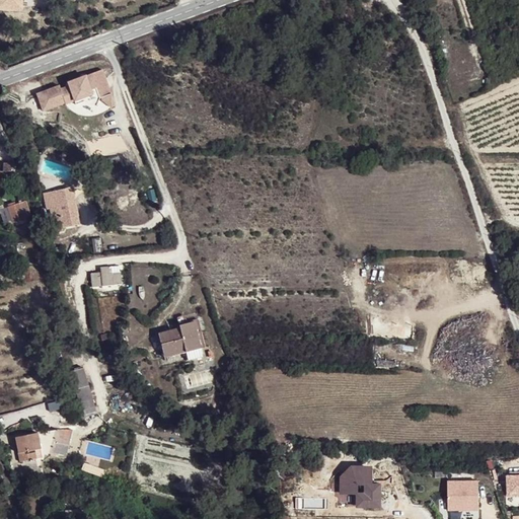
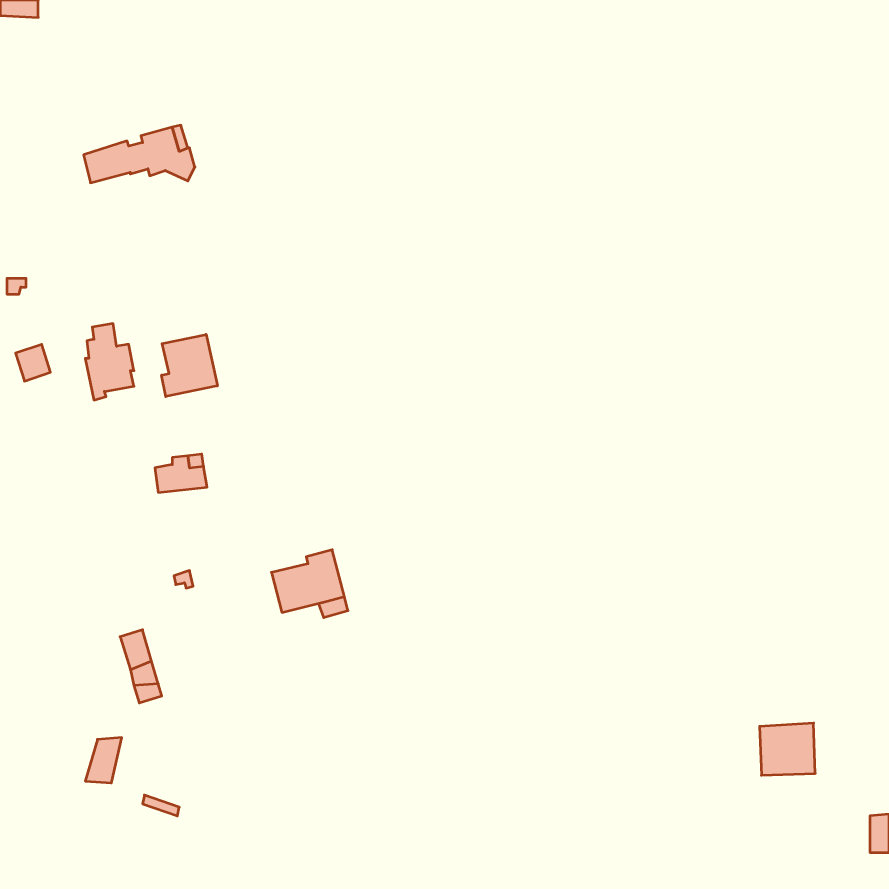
building: none -> [162,334,217,397]
building: [16,433,40,461] -> none
building: [339,464,380,508] -> none
building: [444,479,476,510] -> [760,723,815,775]

